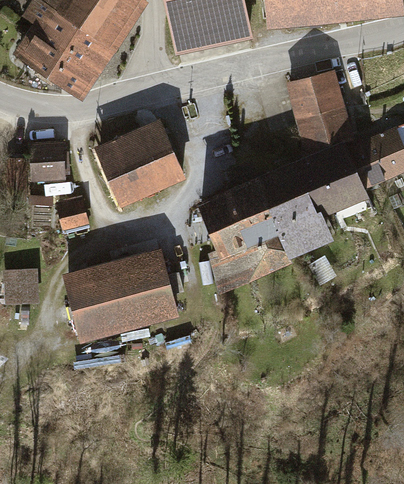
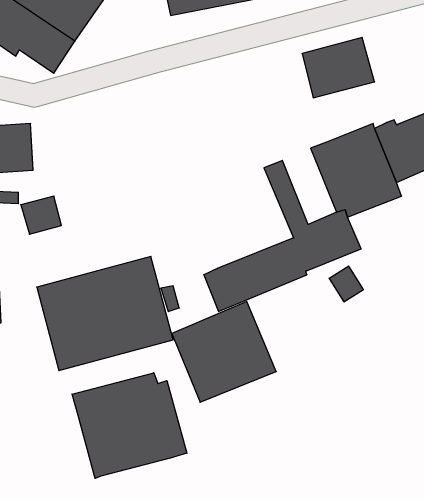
building: [294,106,354,155] -> none
building: [92,119,184,206] -> none
building: [269,160,313,222] -> none
building: [193,176,278,258] -> [172,301,276,402]
building: none -> [72,373,187,478]

